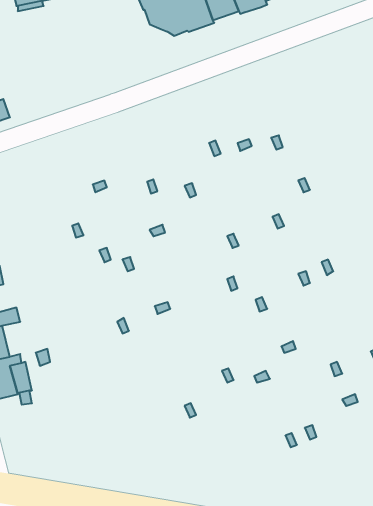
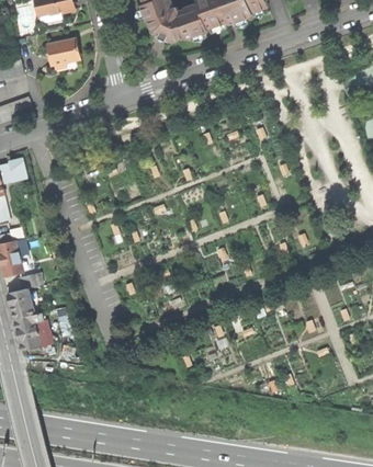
building: none -> [47,38,79,65]

